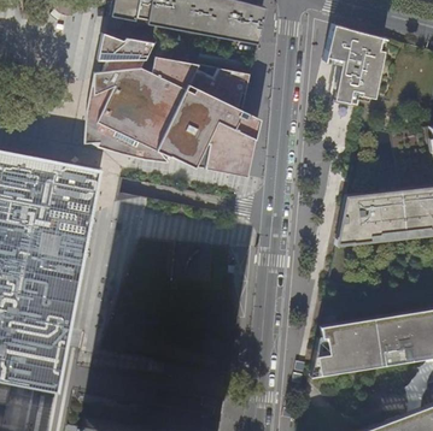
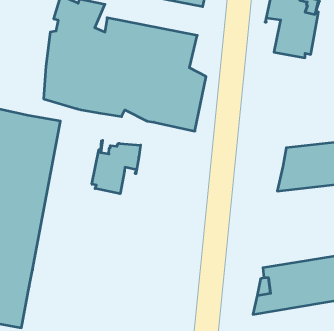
building: none -> [92,140,141,194]

